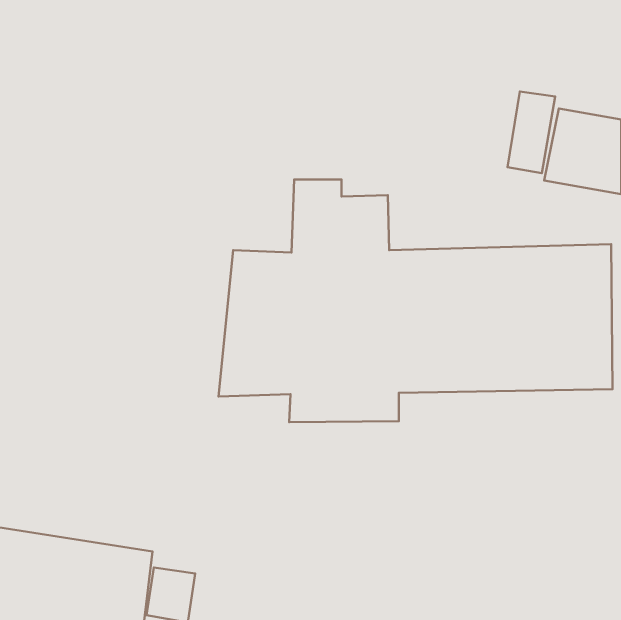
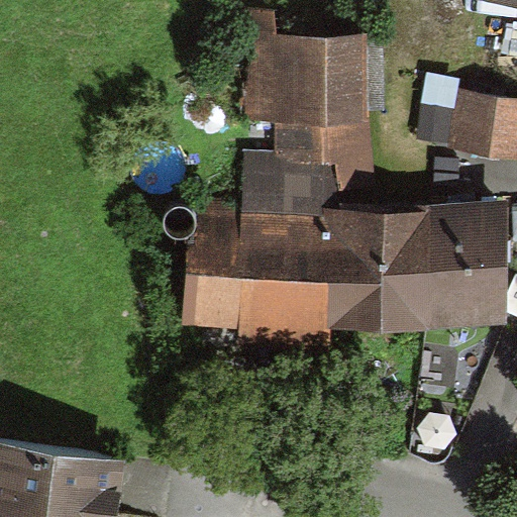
building: none -> [232,10,377,166]

